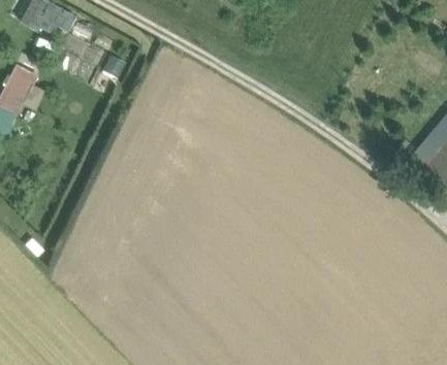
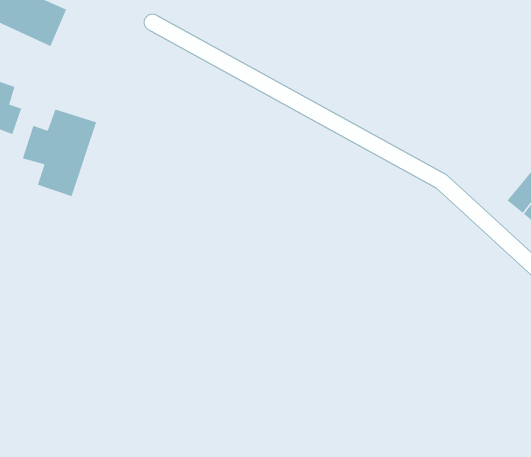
building: none -> [22,108,97,197]

